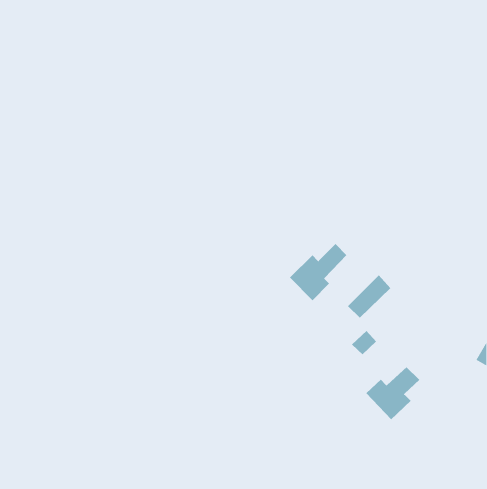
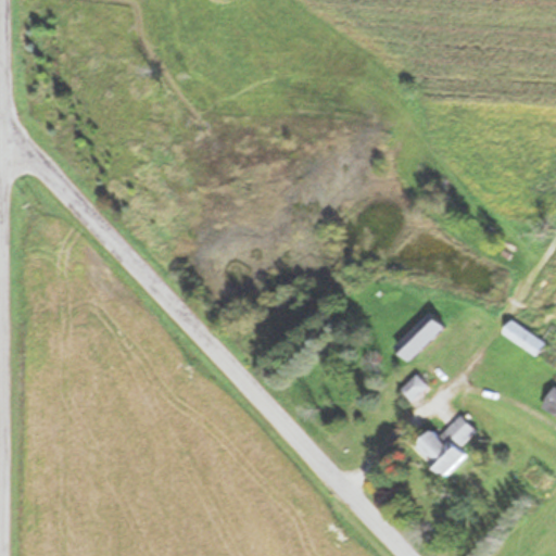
building: [289,243,347,301] -> none
building: none -> [501,319,545,357]

